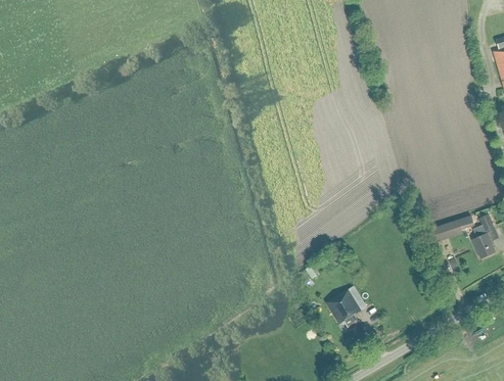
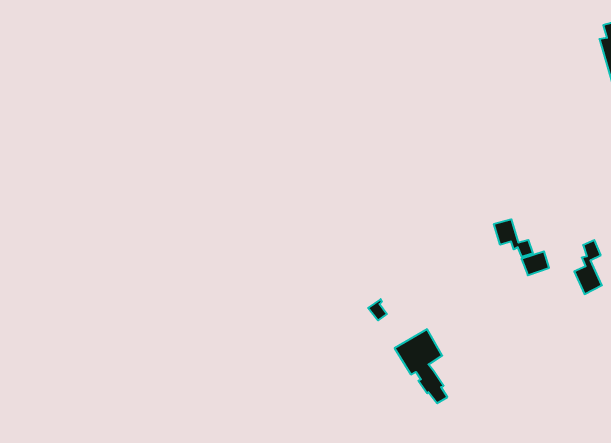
building: none -> [494,219,533,257]

